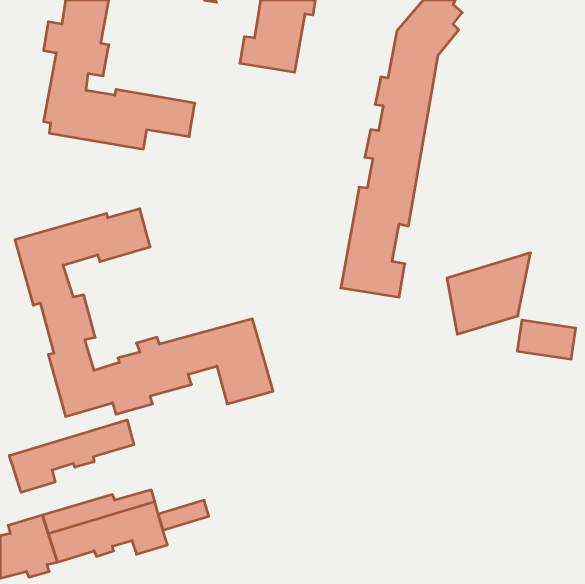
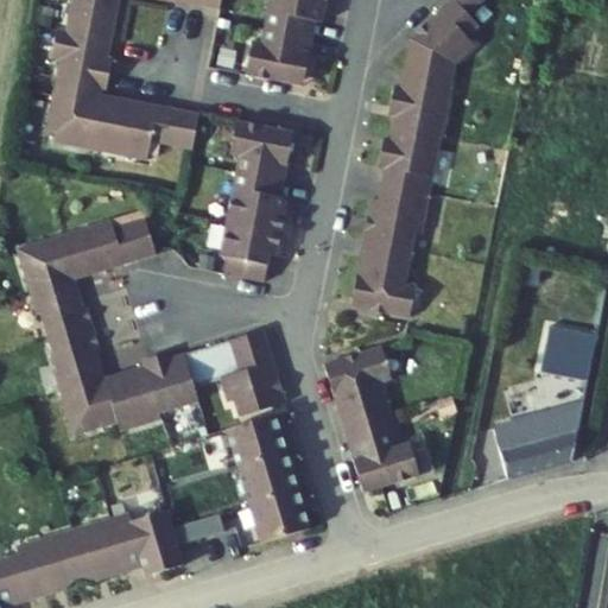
building: none -> [221,119,297,271]
building: [447,253,531,334] -> [501,397,588,481]
building: none -> [325,349,420,494]
building: none -> [223,420,305,549]
building: [9,420,134,492] -> none

